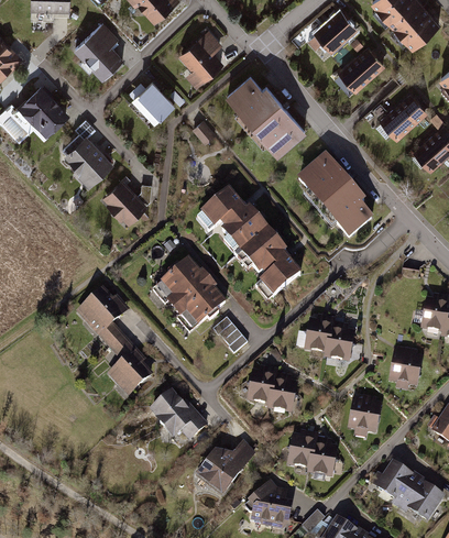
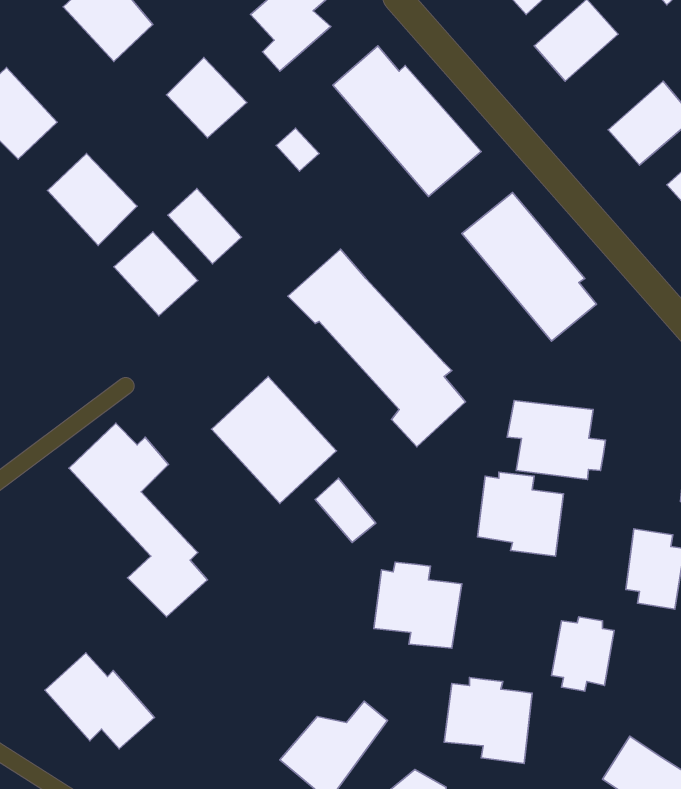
building: none -> [168,188,241,264]
building: none -> [507,400,605,480]
building: [147,388,209,442] -> [45,653,154,749]

